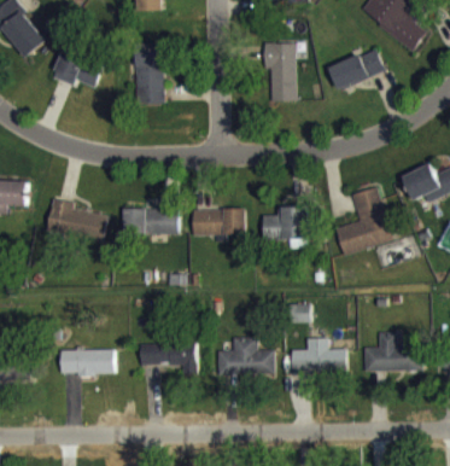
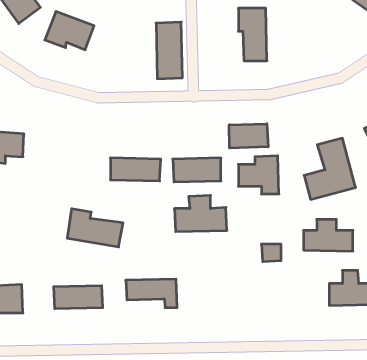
building: [134,42,163,105] -> [156,22,182,79]
building: [329,48,385,91] -> none
building: none -> [229,124,268,148]
building: [47,199,109,241] -> [67,209,123,247]
building: [217,337,275,377] -> [174,195,227,232]
building: [292,338,346,373] -> [304,219,353,251]

